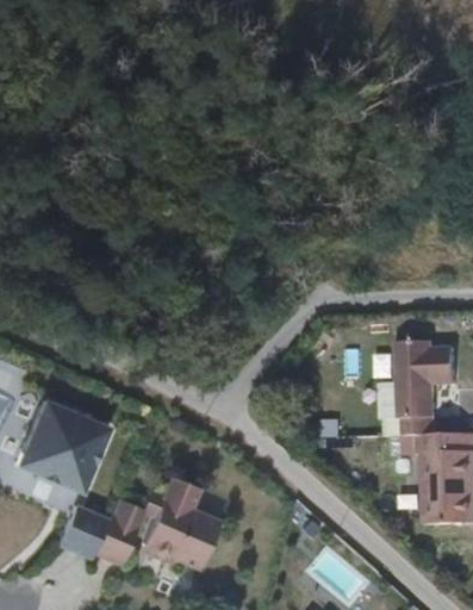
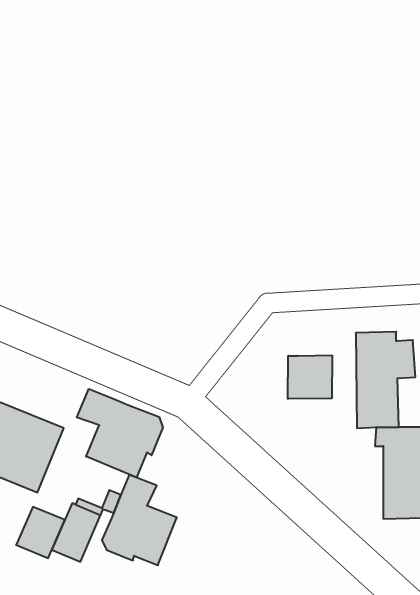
building: none -> [288,355,332,399]
building: none -> [77,389,163,478]

